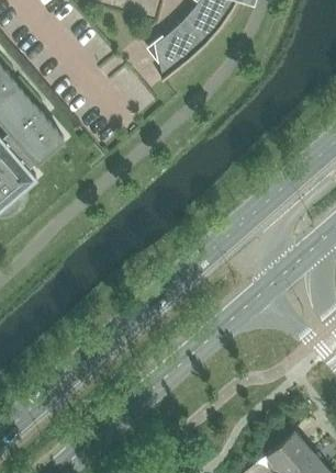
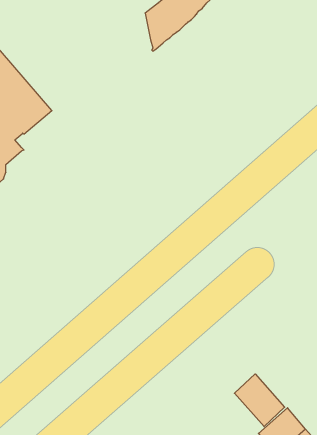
building: none -> [234,374,285,427]

